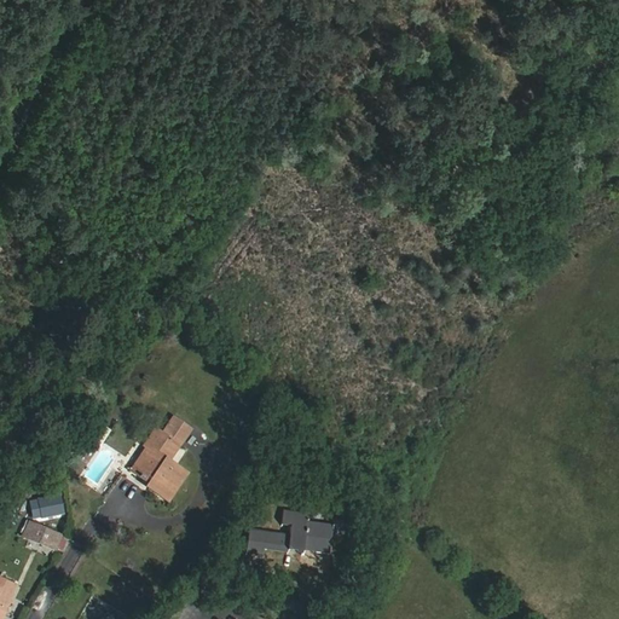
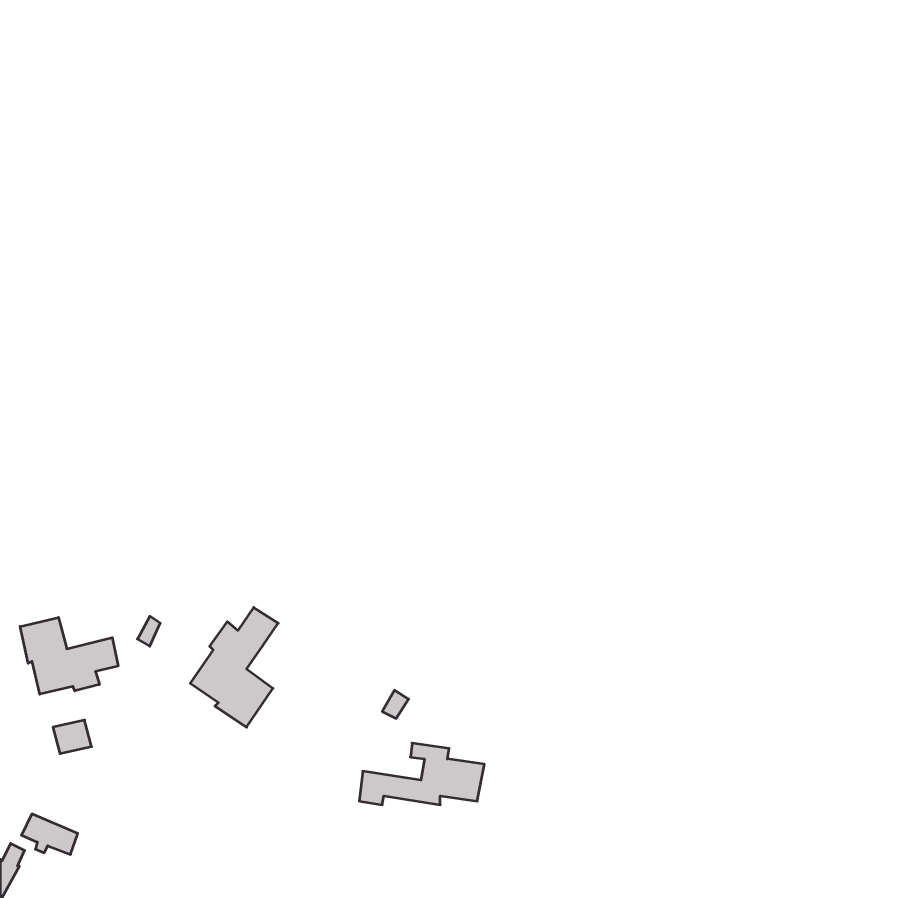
building: none -> [20,617,118,694]
building: [22,521,60,549] -> [21,814,78,854]

